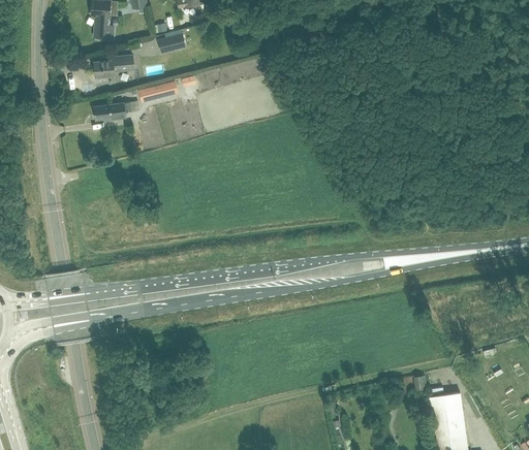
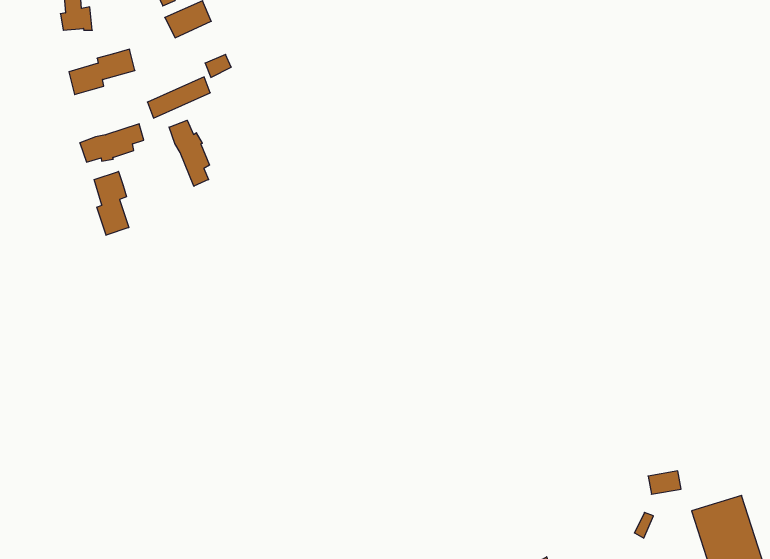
building: none -> [169,120,209,186]
building: none -> [94,171,129,235]

